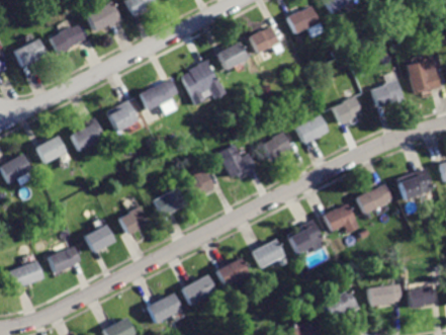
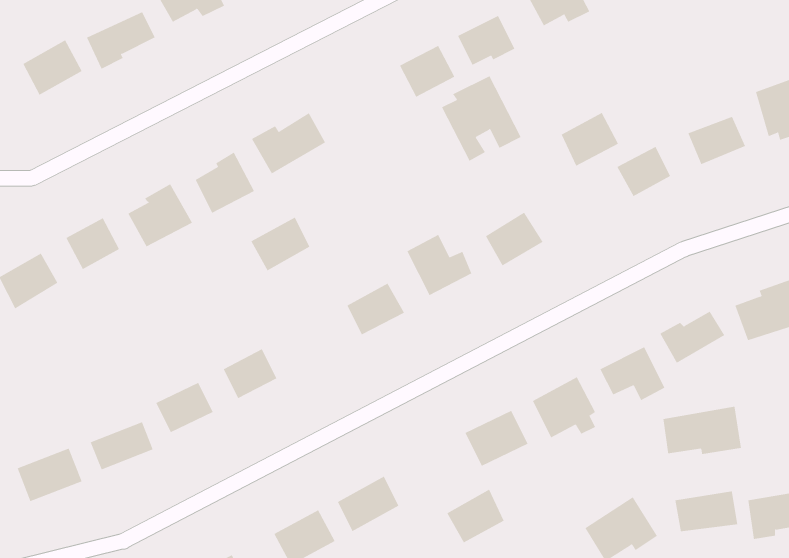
building: [181,59,225,105] -> [441,75,522,162]
building: [297,113,329,143] -> [561,112,619,166]
building: [155,186,187,216] -> [250,217,310,271]
building: none -> [663,406,742,455]
building: [218,257,250,286] -> [446,489,505,543]

